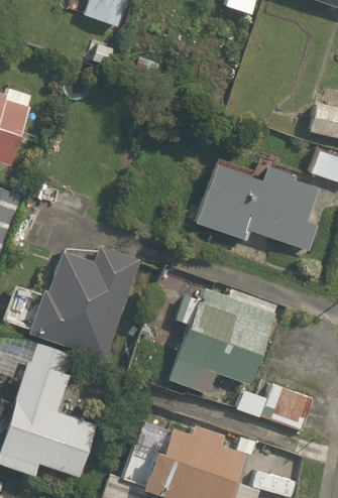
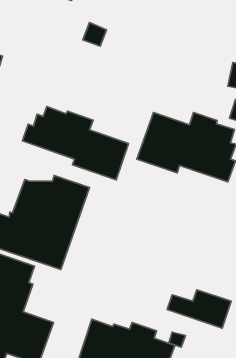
building: none -> [23,107,128,180]
building: [150,270,275,393] -> none

